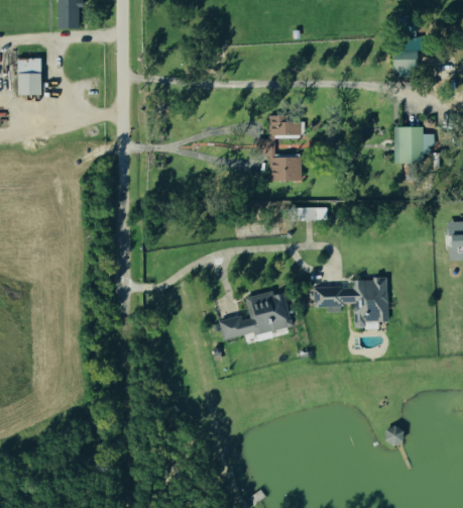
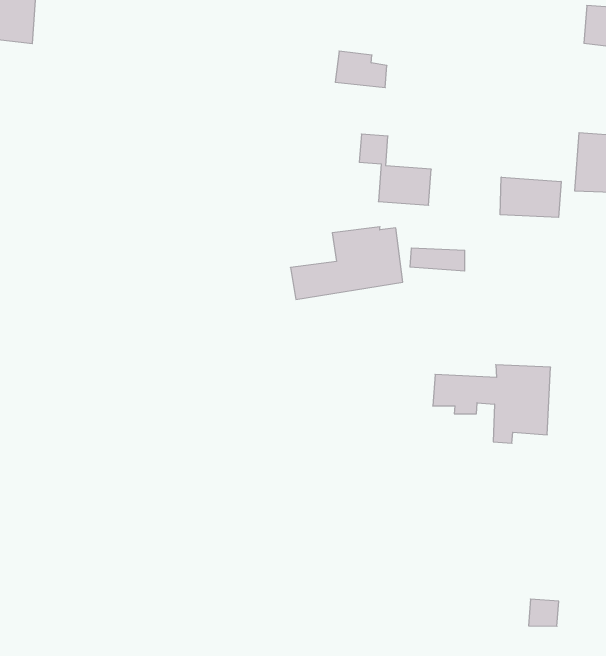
building: [269,114,302,135] -> [335,51,387,88]
building: none -> [500,177,561,217]
building: [219,291,292,341] -> [290,227,403,299]

